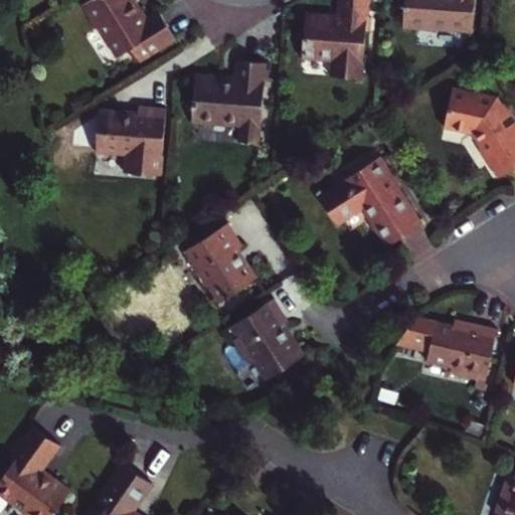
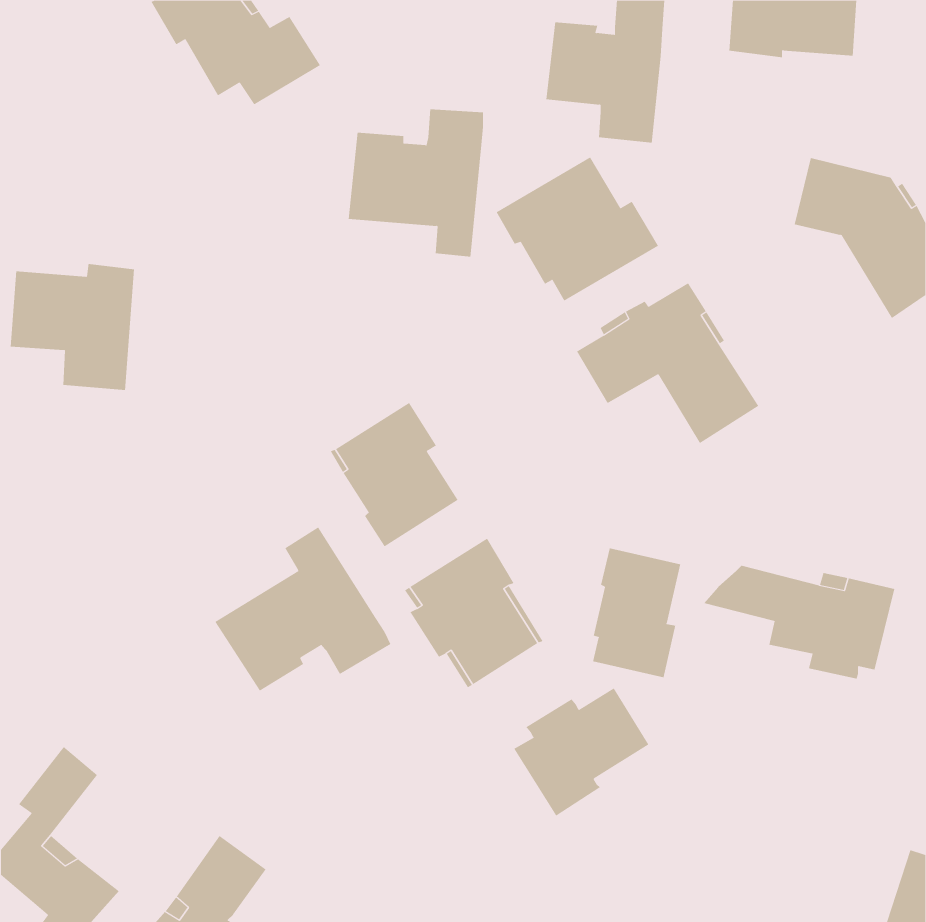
building: none -> [496,157,659,301]
building: [98,103,167,173] -> [10,264,135,390]
building: none -> [215,527,391,691]
building: none -> [593,547,681,678]
building: none -> [514,687,649,817]

